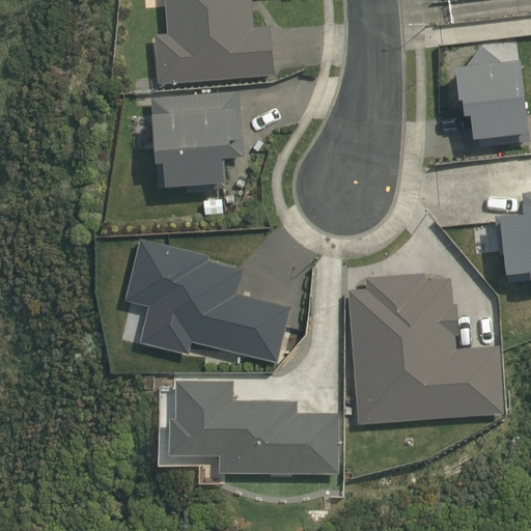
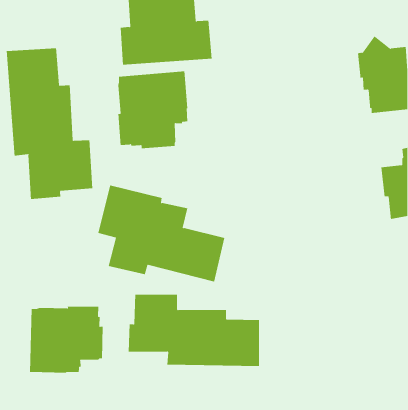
building: none -> [6,48,93,200]
building: [347,274,506,424] -> none
building: none -> [30,306,103,373]

